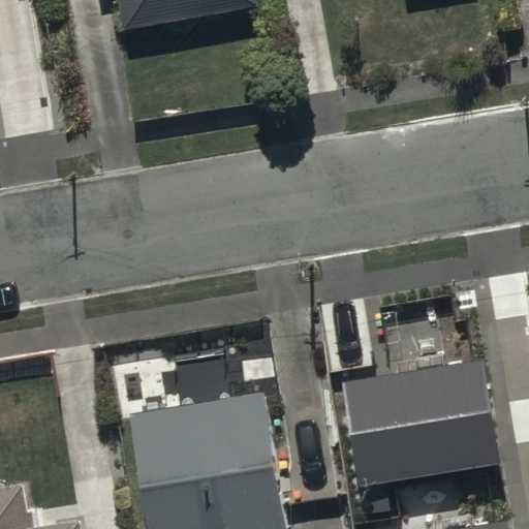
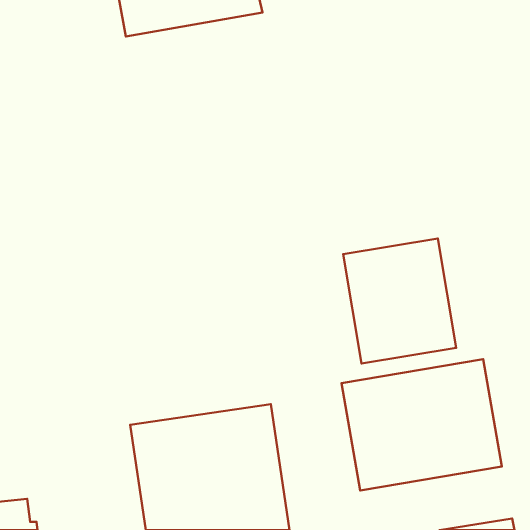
building: none -> [343,239,456,363]

